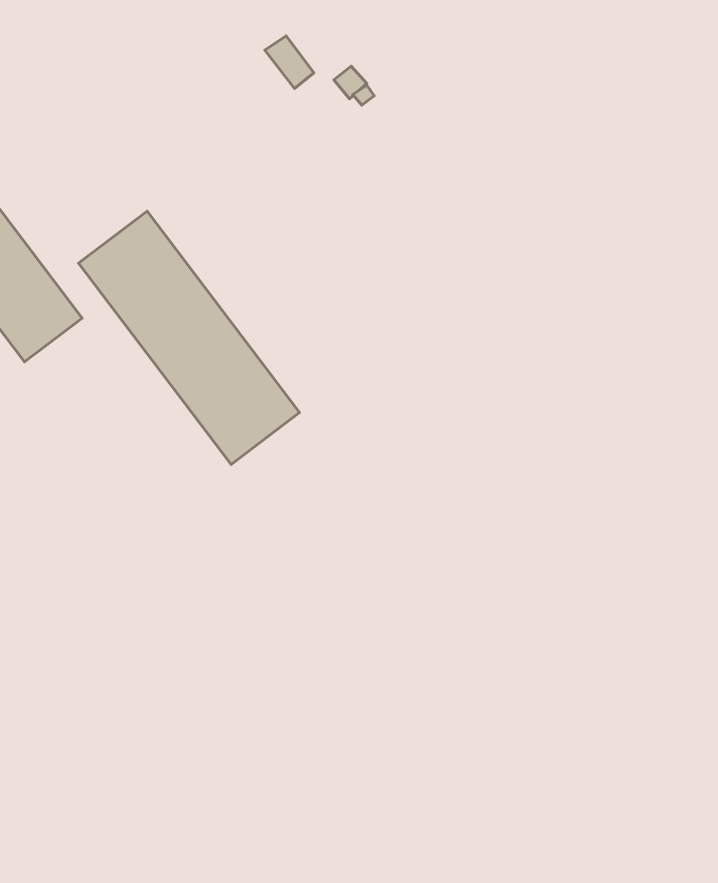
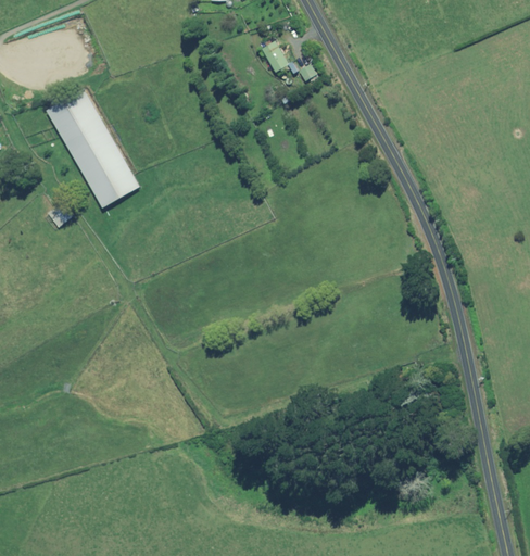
building: [79,211,300,465] -> none

